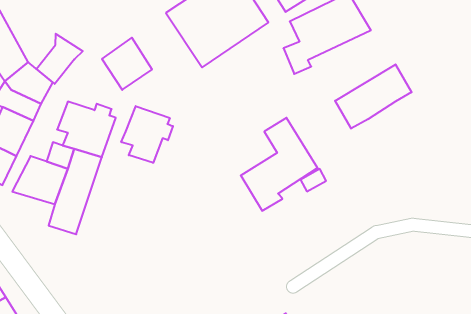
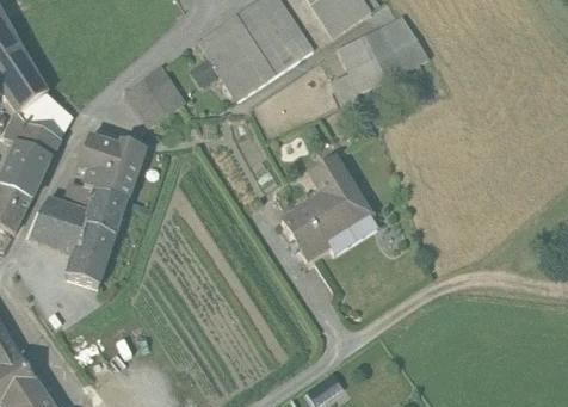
building: [37,34,83,84] -> none
building: [335,64,412,129] -> none
building: [121,106,173,163] -> none

